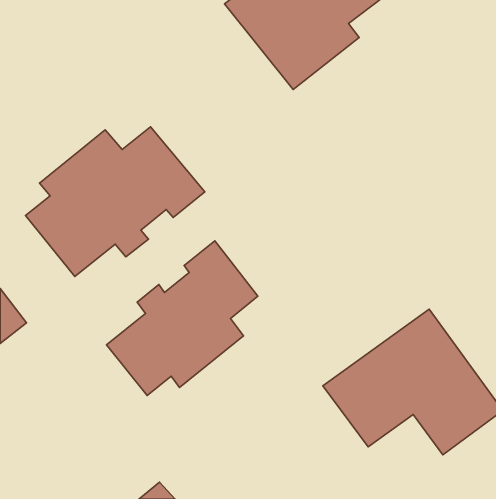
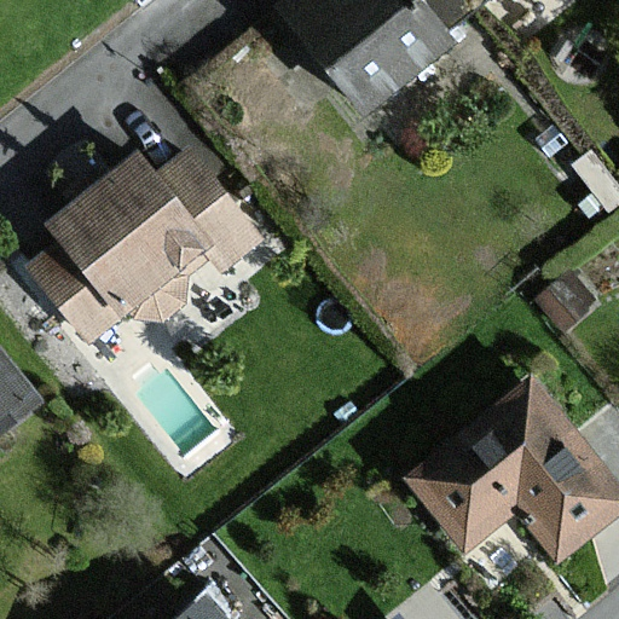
building: [107,241,258,396] -> none

